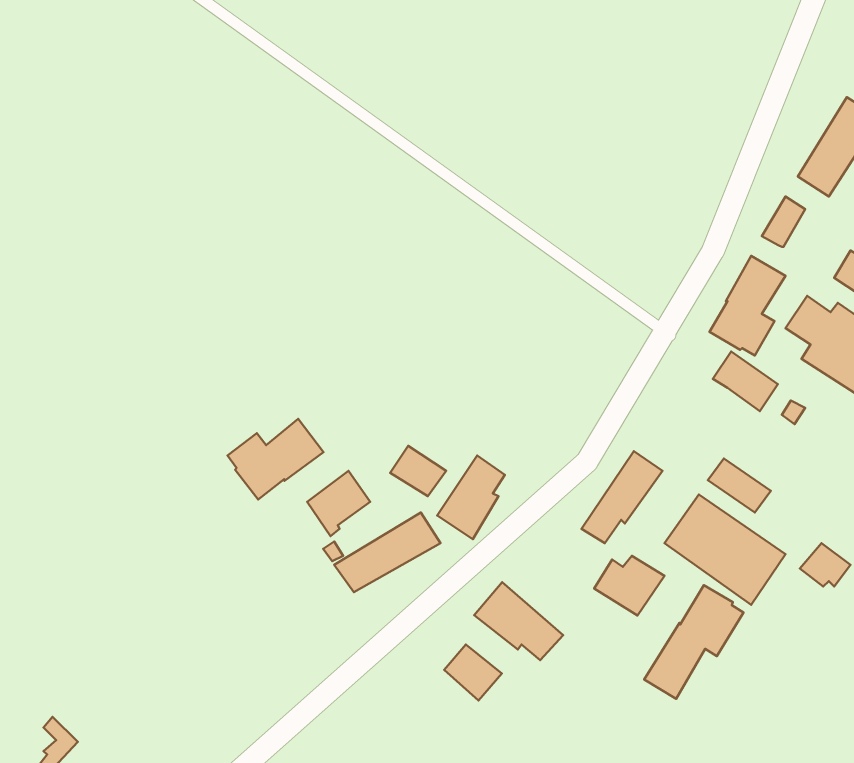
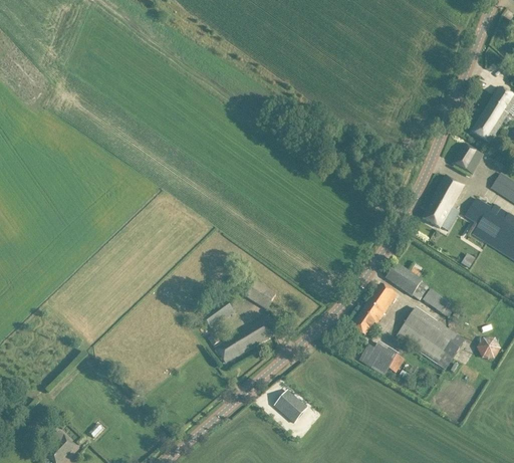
building: [713,352,778,411] -> [386,263,422,296]
building: [227,419,324,499] -> none
building: [437,455,505,539] -> none
building: [474,582,563,660] -> none
building: [644,585,743,699] -> none

